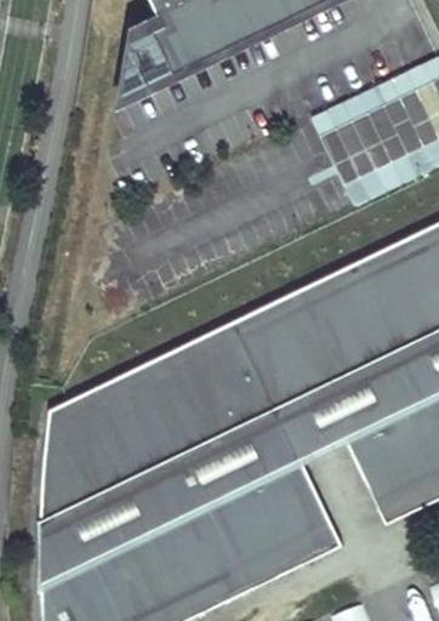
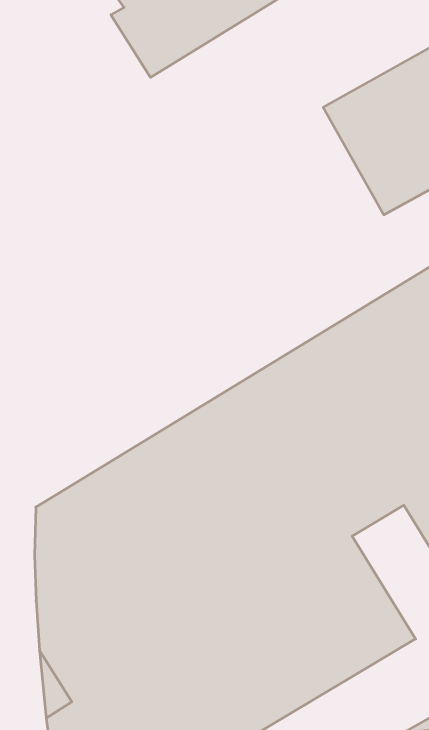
building: [121,21,177,101] -> none

